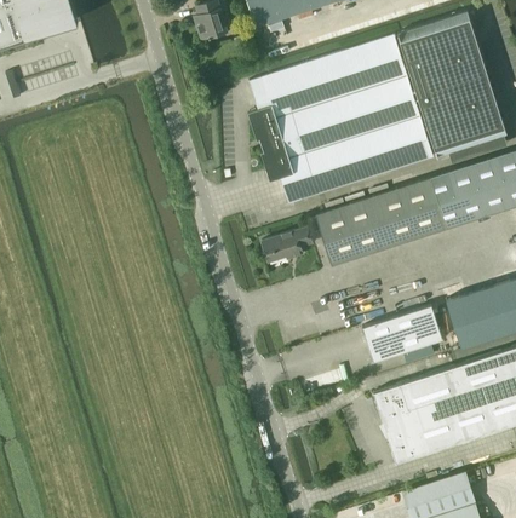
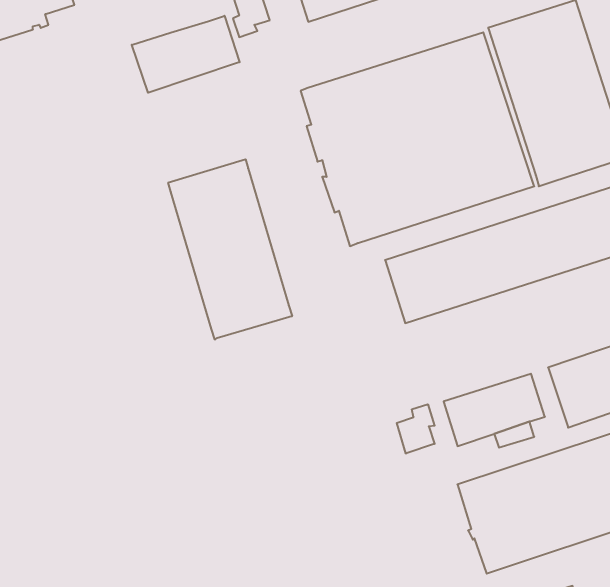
building: none -> [132,16,240,93]
building: none -> [168,159,292,340]
building: [262,228,311,263] -> none
building: none -> [397,404,435,454]

